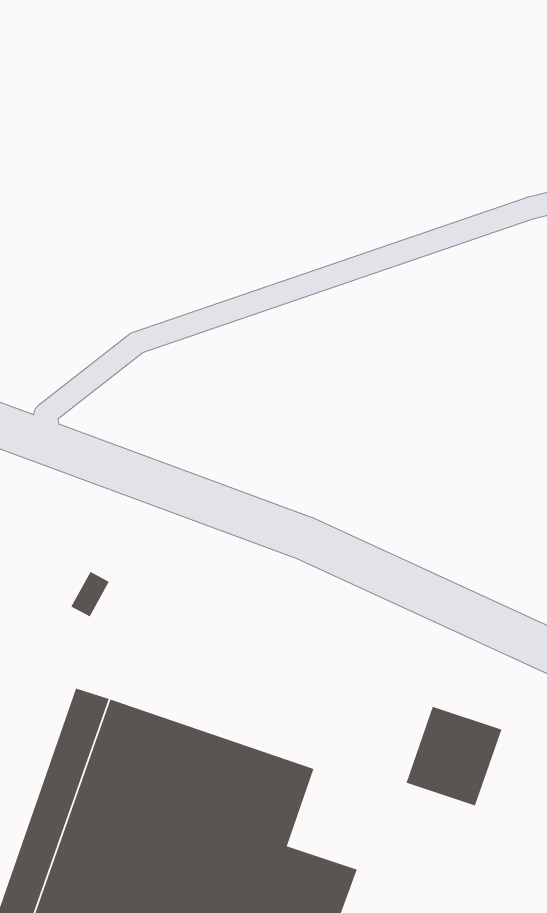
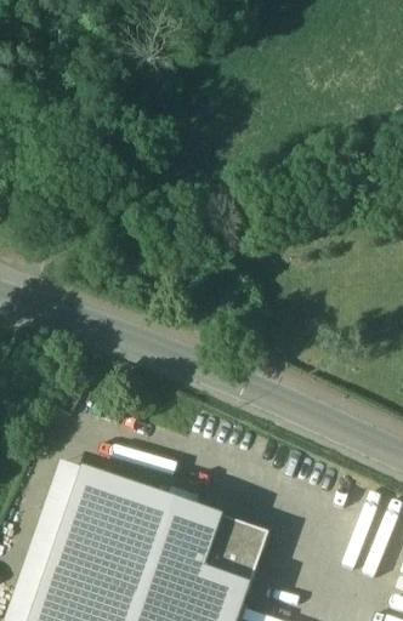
building: [405,706,502,807] -> [204,519,269,587]

